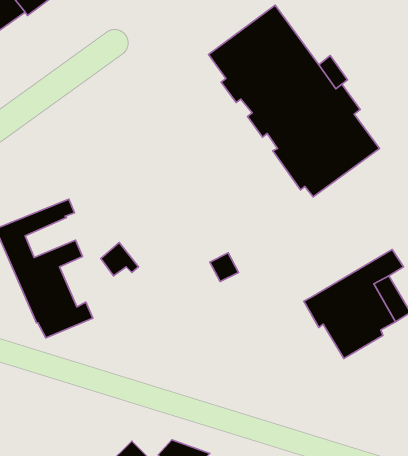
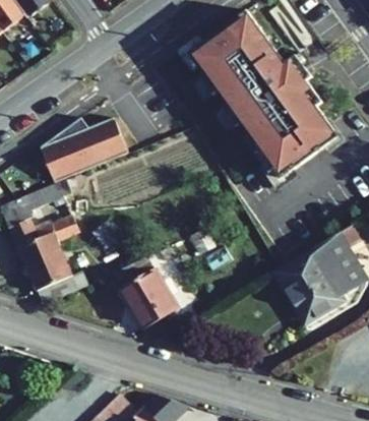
building: none -> [38,117,127,182]
building: none -> [113,257,175,327]

